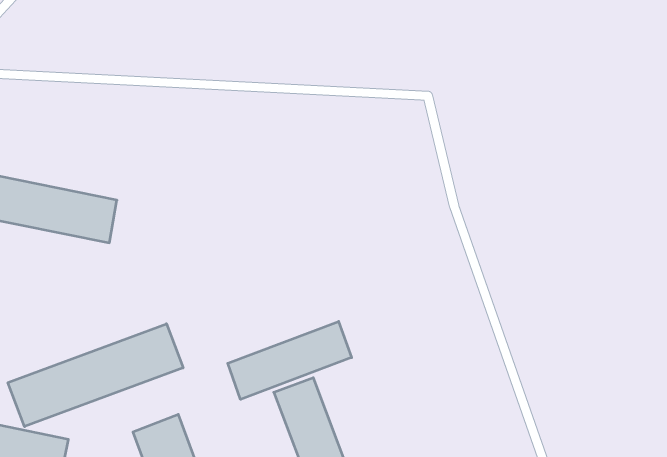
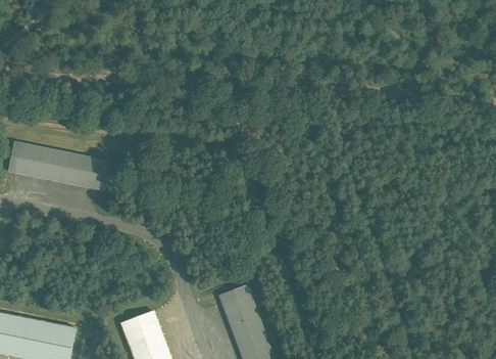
building: [228,321,352,399] -> none
building: [8,324,183,427] -> none

